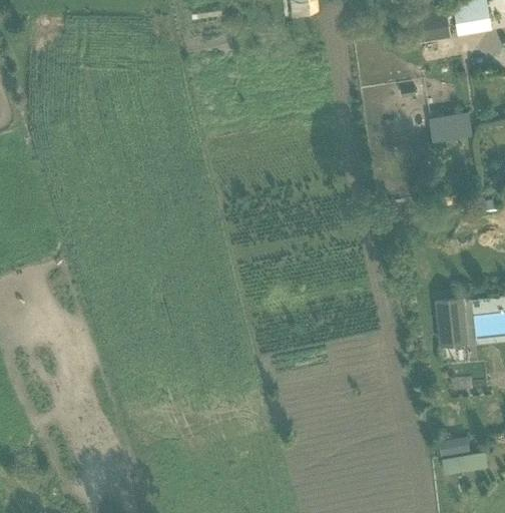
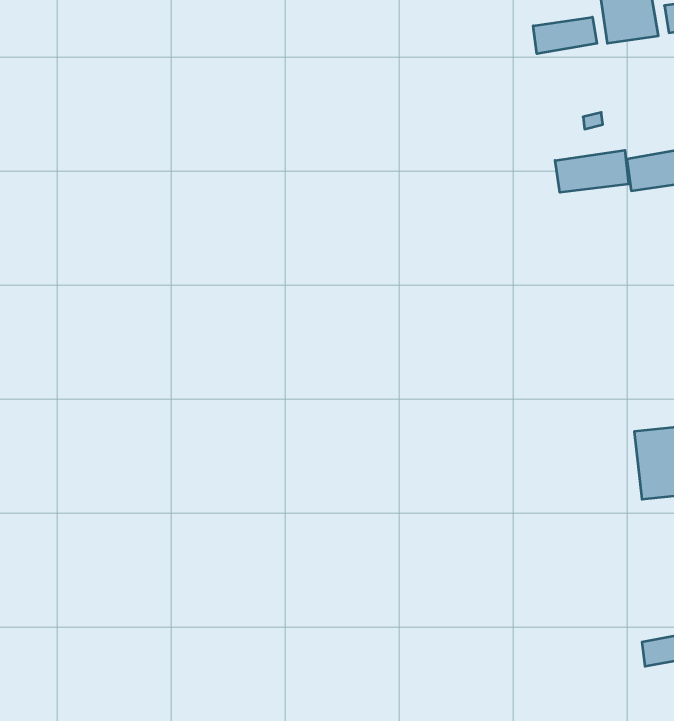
building: none -> [533,17,597,54]
building: none -> [555,150,629,192]

